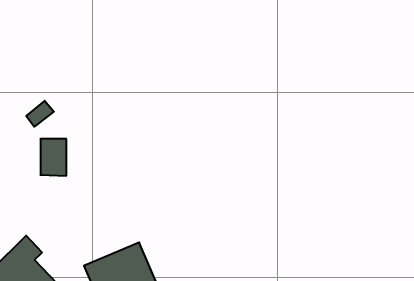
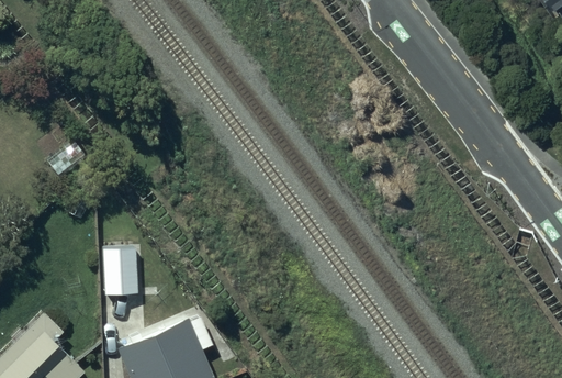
building: [40,139,66,176] -> [101,248,135,297]

